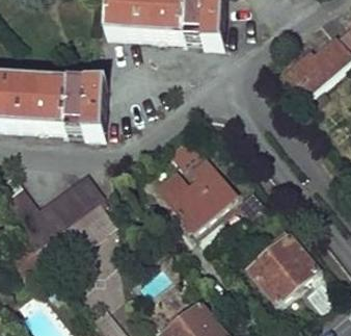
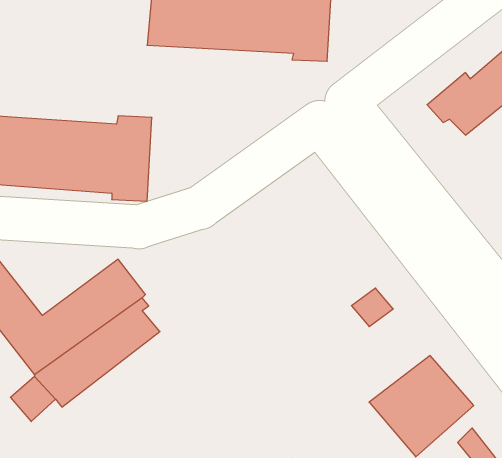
building: [154,156,228,230] -> none

